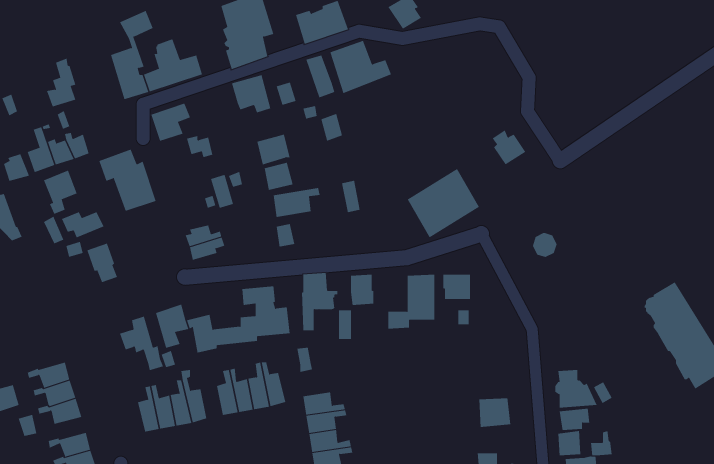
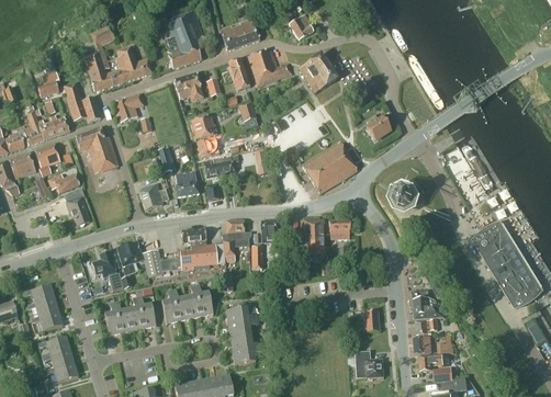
building: none -> [297,53,337,93]
building: none -> [64,82,101,122]
building: none -> [9,151,36,178]
building: none -> [176,170,200,196]

